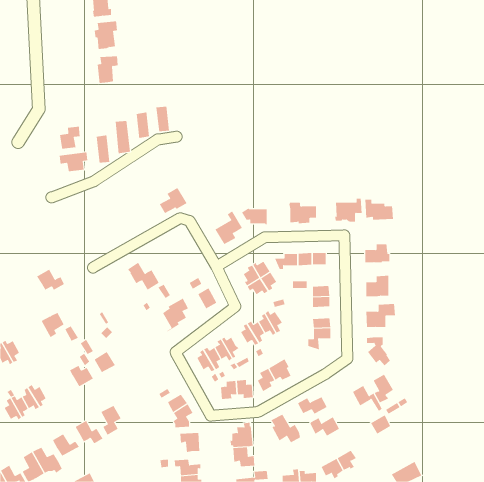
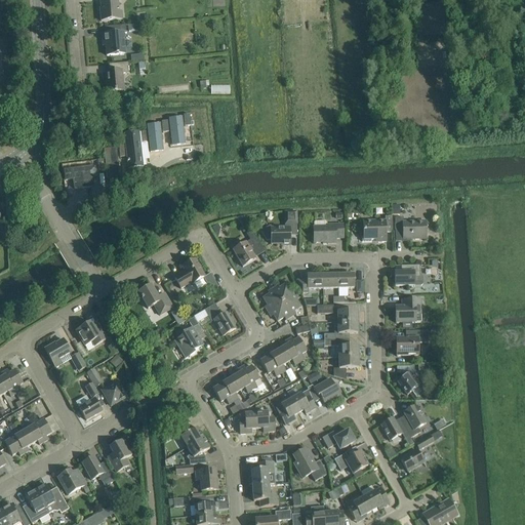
building: [59,126,80,150] -> none
building: [159,187,187,214] -> [173,257,204,286]
building: [36,269,65,291] -> [75,321,106,345]
building: none -> [301,374,340,401]

